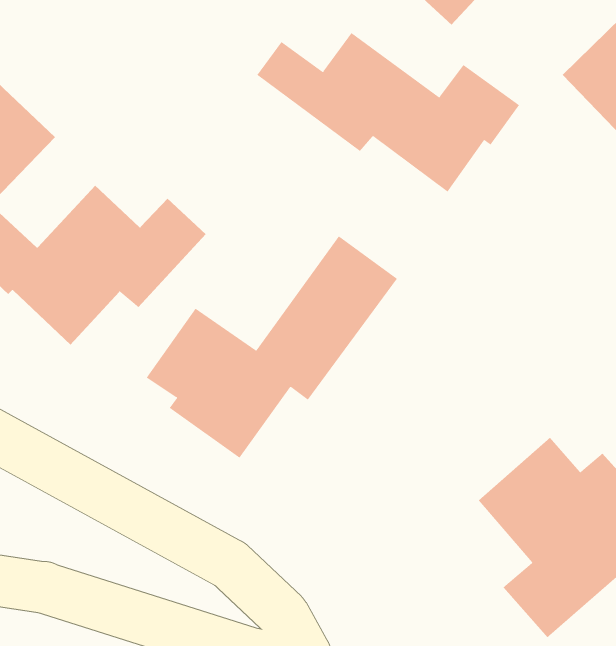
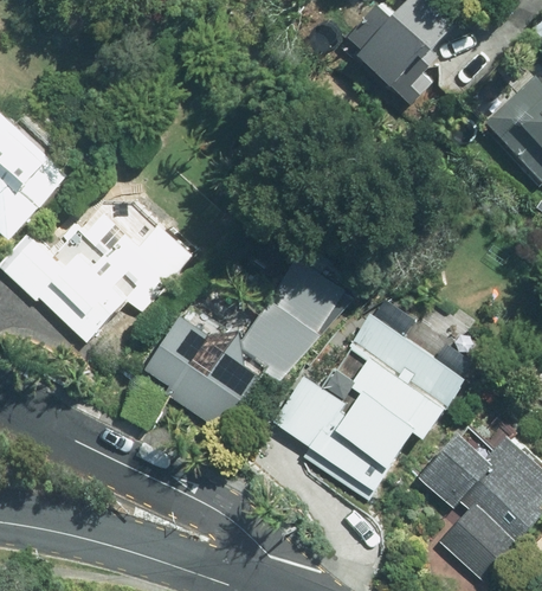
building: [256,32,520,192] -> none
building: none -> [283,300,456,490]

